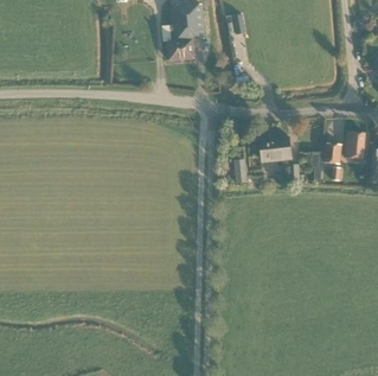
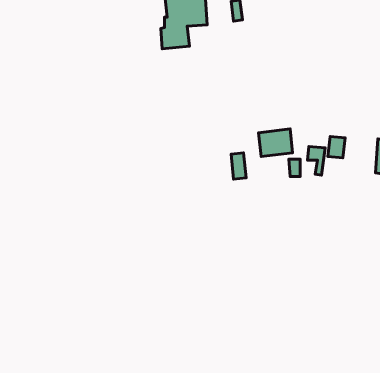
building: [344,133,365,160] -> none

